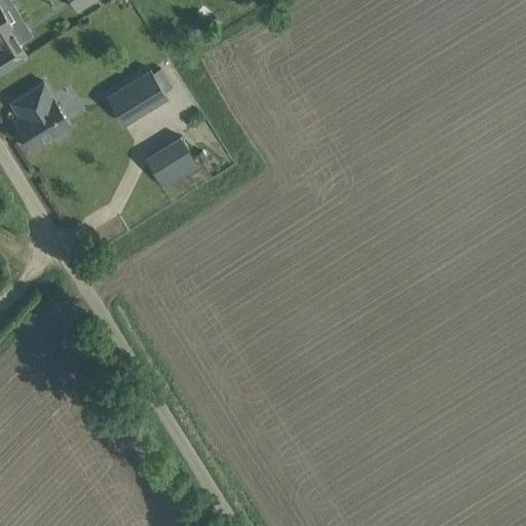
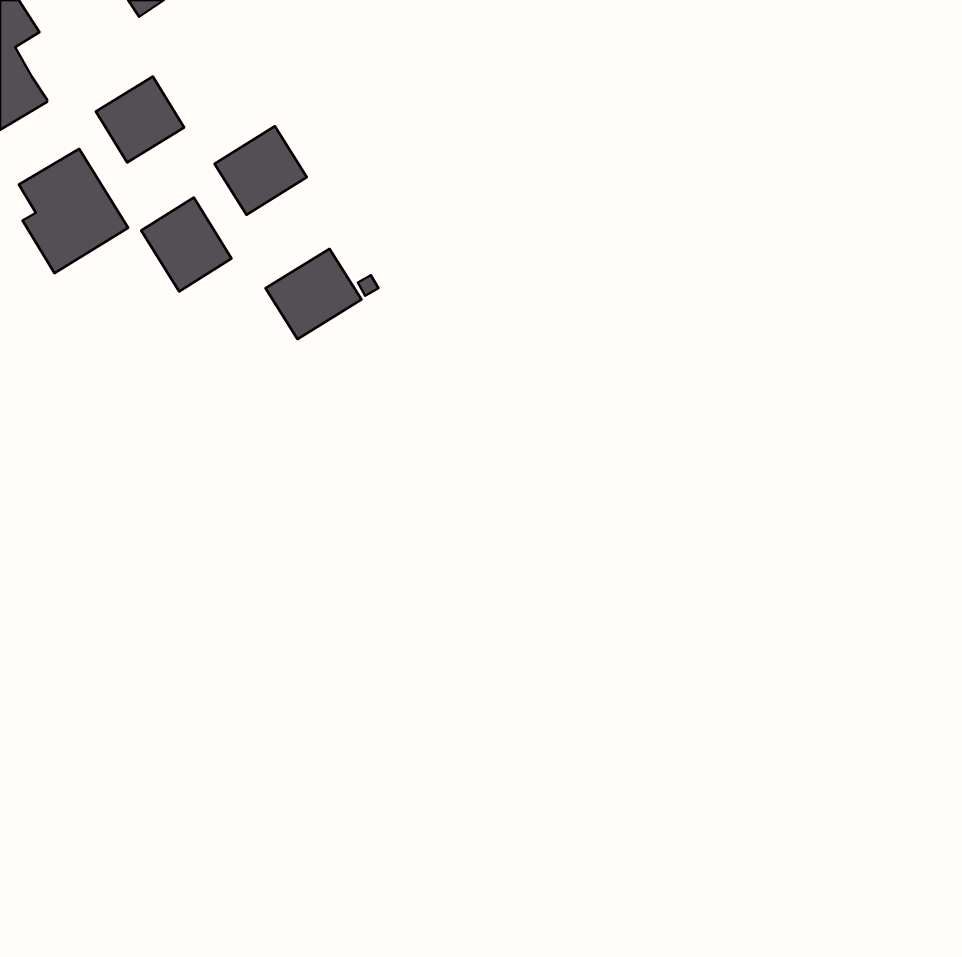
building: none -> [96,76,184,163]
building: none -> [141,197,232,291]

